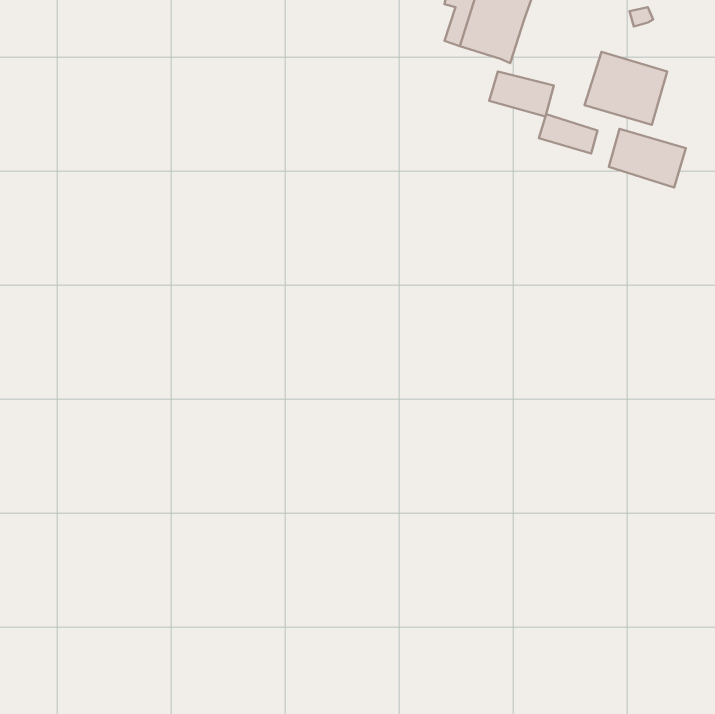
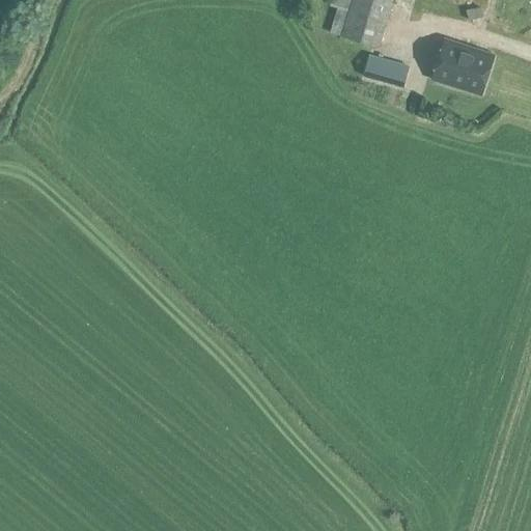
building: [539,114,598,153] -> none
building: [609,129,686,188] -> none

